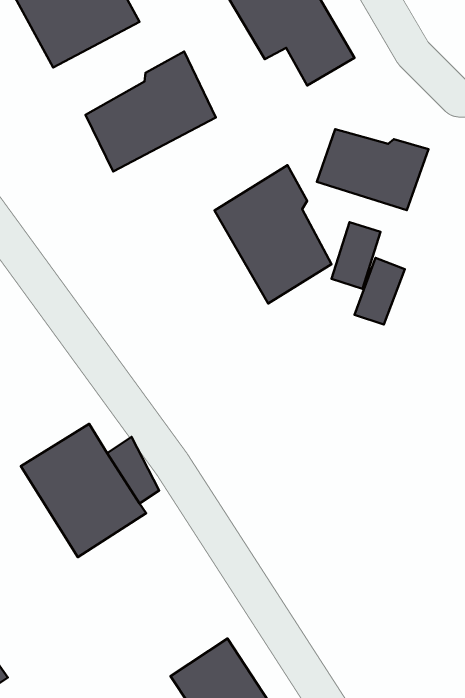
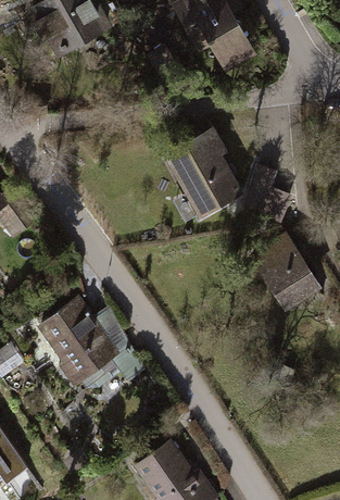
building: [86,51,216,172] -> none
building: [317,129,428,210] -> none
building: none -> [243,235,314,313]

